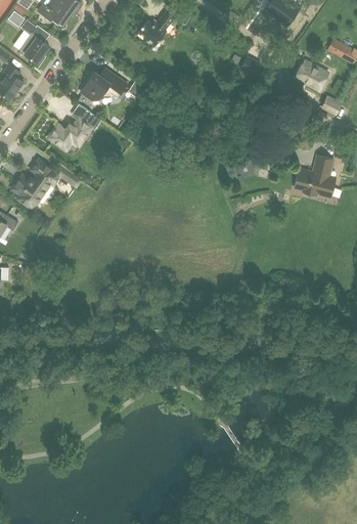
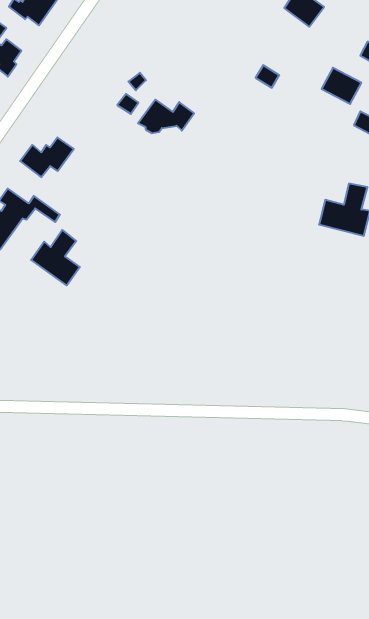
building: [138,11,176,44] -> none
building: [81,72,127,99] -> [138,100,194,133]
building: none -> [31,230,80,285]

